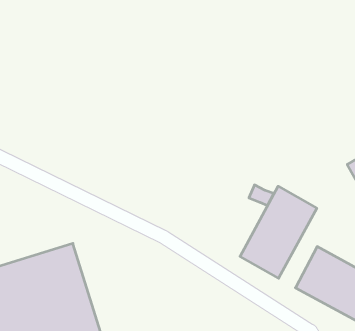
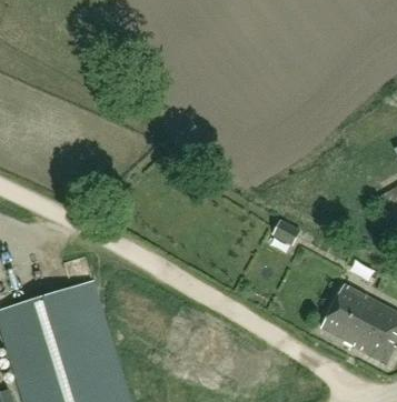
building: [240,186,317,278] -> none

